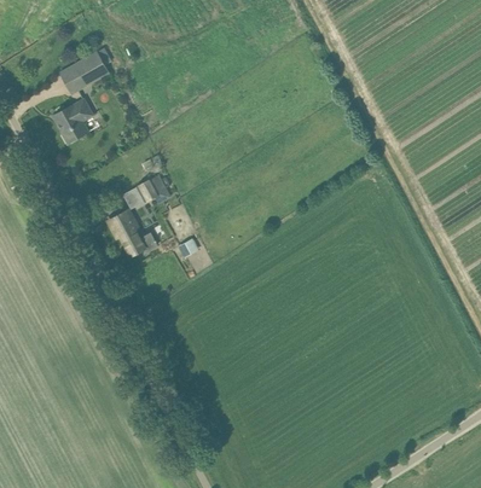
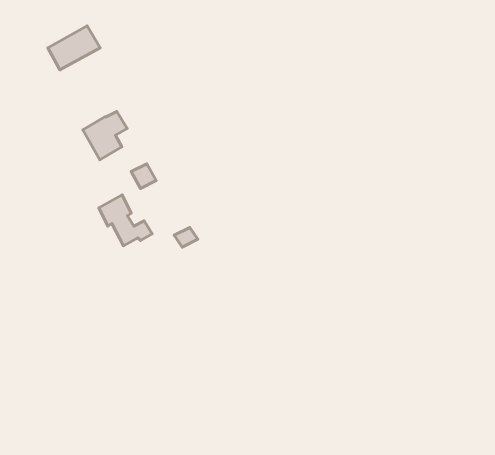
building: [51,99,92,144] -> [83,112,127,160]

